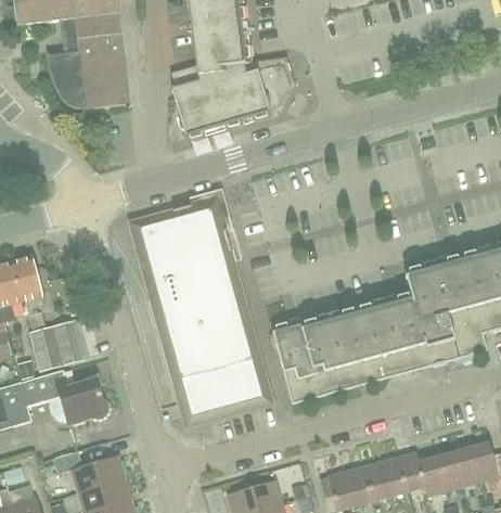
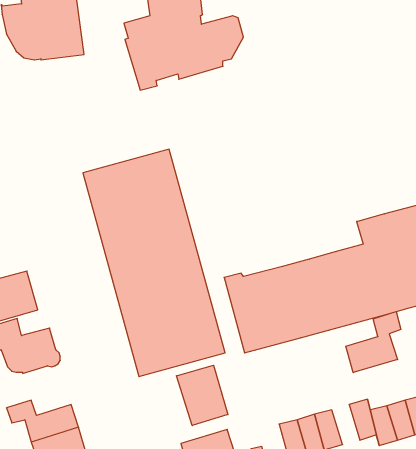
building: none -> [346,312,401,373]
building: none -> [176,365,228,426]
building: [381,454,409,495] -> none

